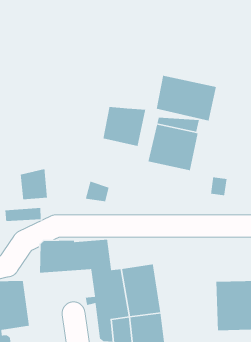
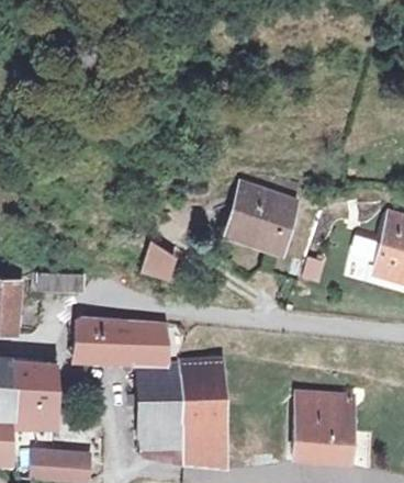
building: [156,75,217,122] -> none
building: [102,106,146,147] -> none
building: [20,168,48,200] -> none

